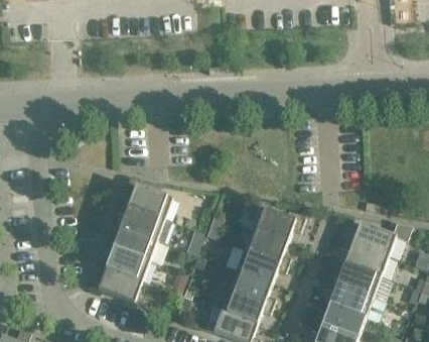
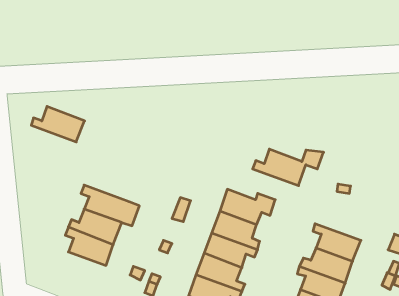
building: [120,184,171,218] -> [31,106,85,142]
building: [342,220,411,255] -> [253,149,324,186]
building: [89,266,141,301] -> none

